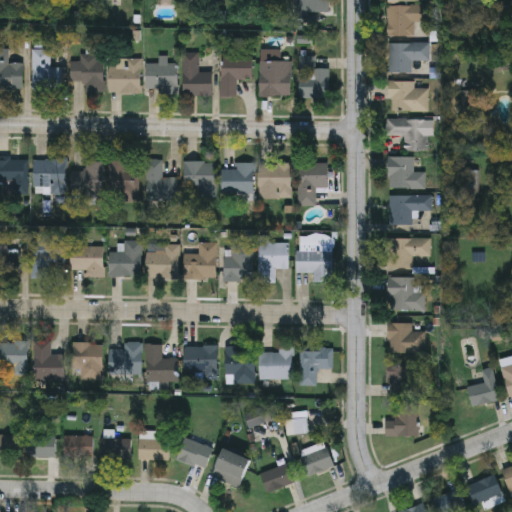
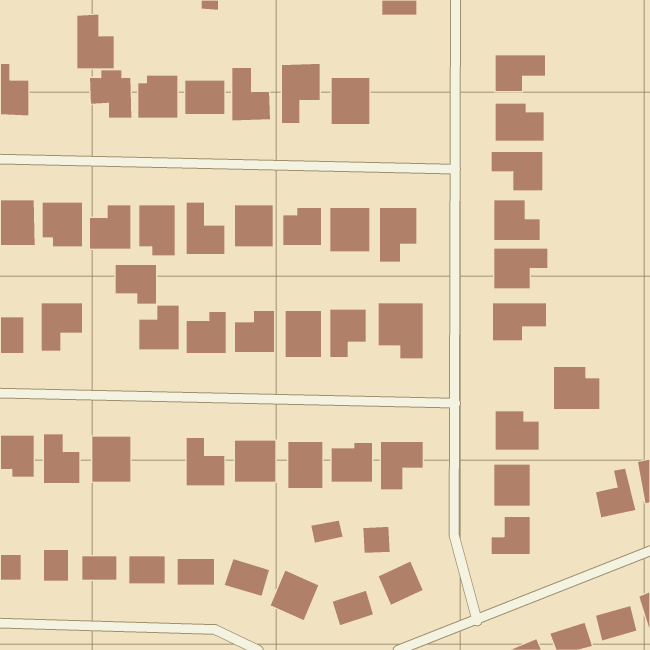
building: [386,6,424,36] -> none
building: [32,49,62,92] -> [76,14,115,69]
building: [299,56,328,98] -> none
building: [70,246,103,277] -> [115,265,157,304]
building: [387,277,424,311] -> [553,366,600,410]
building: [109,342,142,374] -> none

